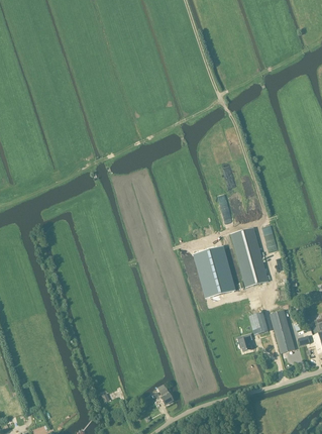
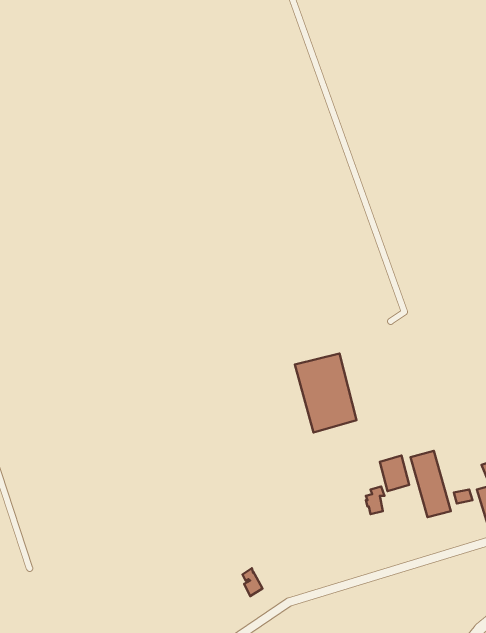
building: [231,228,267,288] -> none

